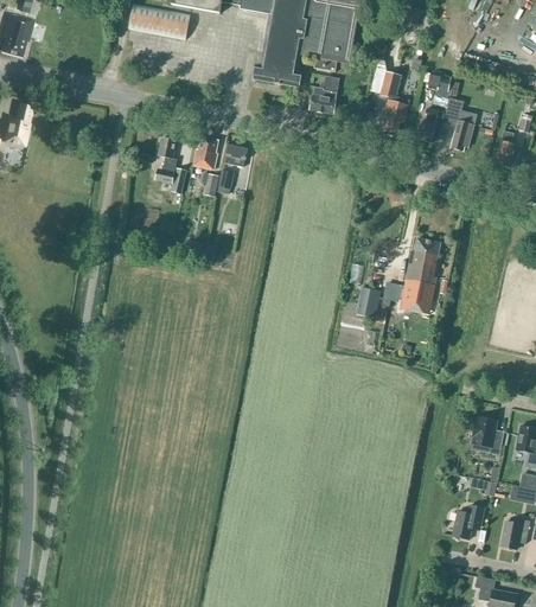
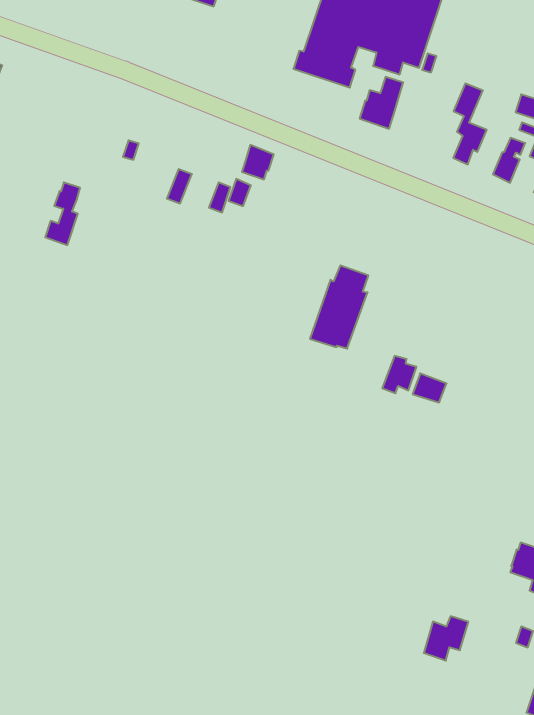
building: [154,136,177,184] -> [45,182,80,245]
building: [193,136,218,168] -> none
building: [402,237,441,300] -> [310,265,368,349]
building: [452,504,483,538] -> [424,616,468,661]

